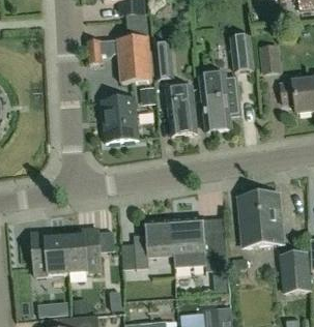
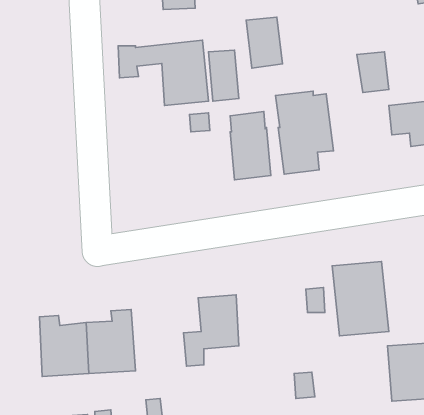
building: [229,34,255,70] -> [246,17,283,68]
building: [102,96,140,141] -> none
building: [172,214,228,269] -> none

